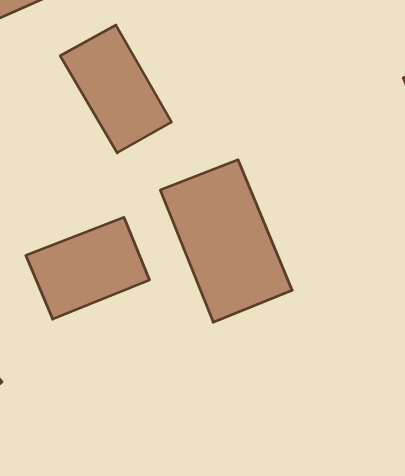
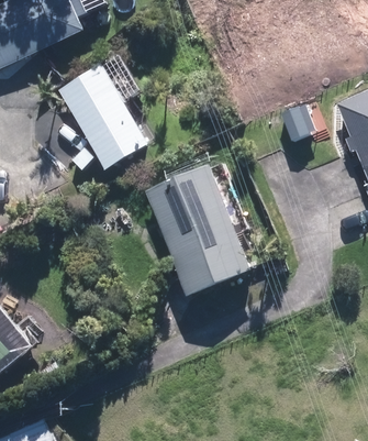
building: [26,217,149,319] -> none

